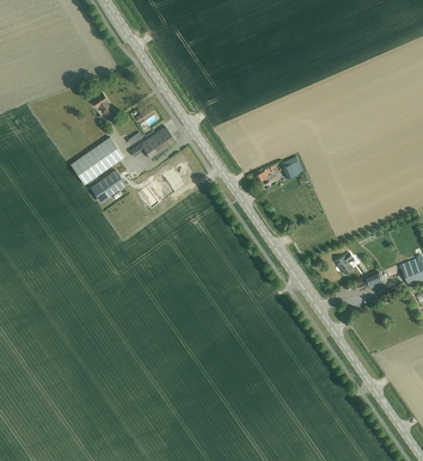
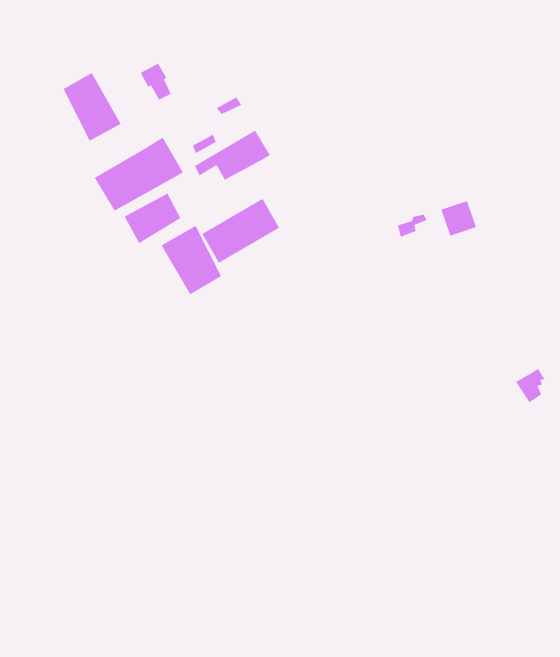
building: none -> [63,72,122,142]
building: none -> [161,225,222,295]

